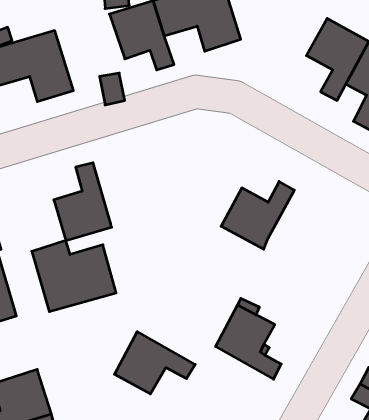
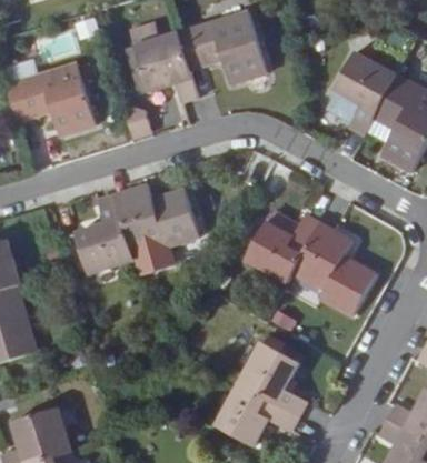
building: none -> [294,224,377,318]
building: [32,240,116,312] -> [116,185,201,258]
building: [114,332,195,394] -> [217,383,299,446]

